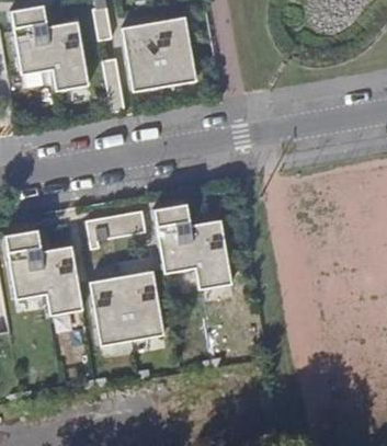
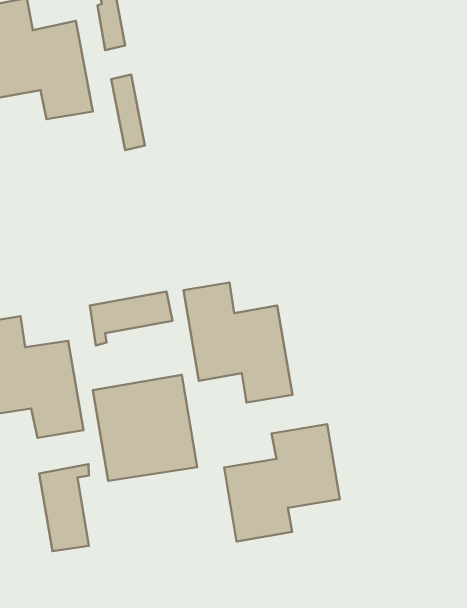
building: [123,15,197,91] -> none
building: none -> [224,424,340,541]
building: none -> [39,464,89,551]

